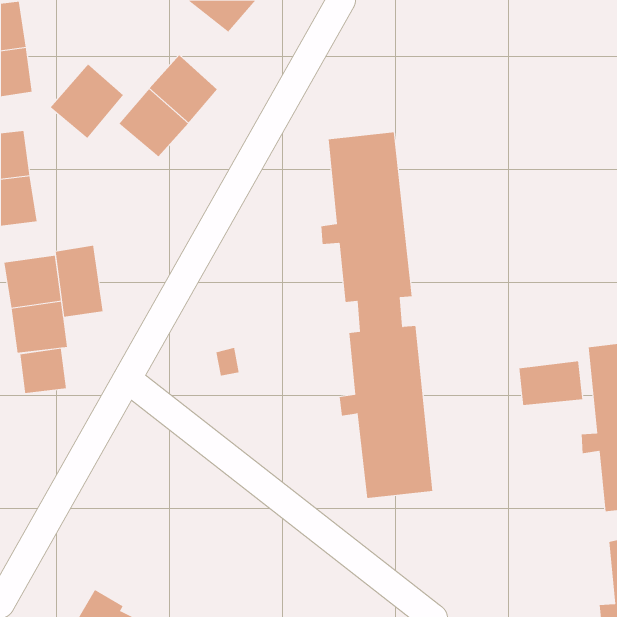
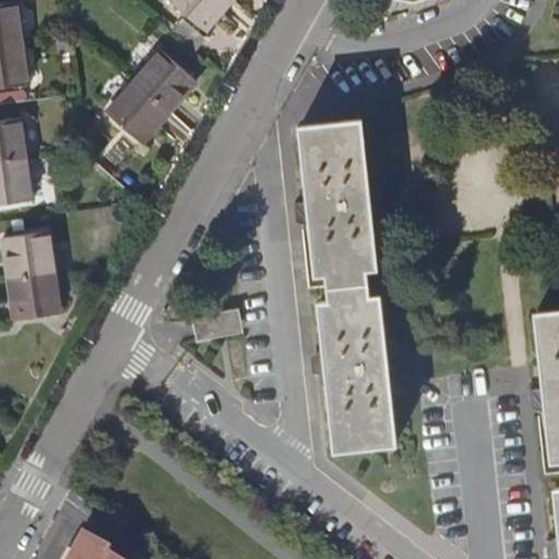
building: [50,63,124,139] -> none
building: [55,245,103,317] -> none
building: [20,348,67,394] -> none
building: [519,361,583,406] -> none

